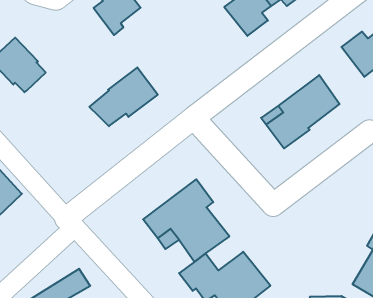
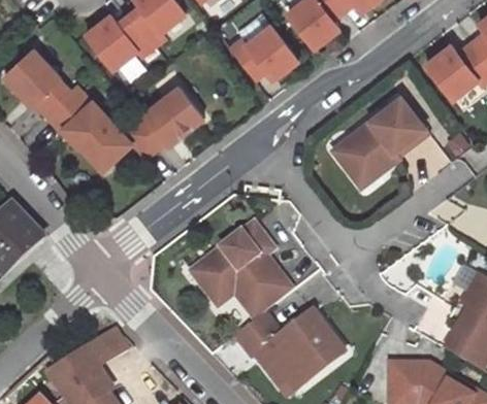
building: none -> [86,14,154,70]
building: none -> [230,26,298,80]
building: none -> [48,87,134,172]

